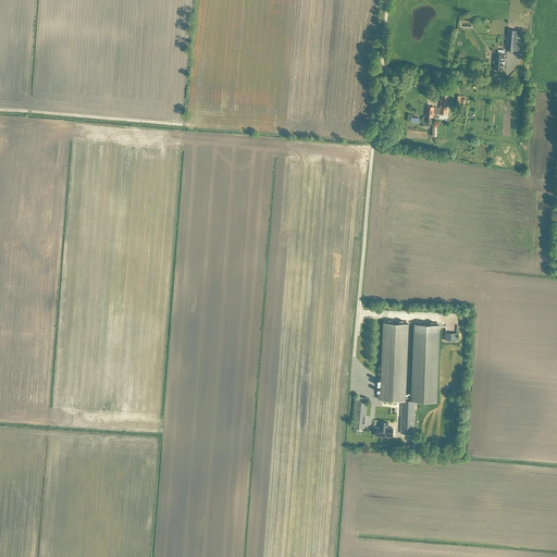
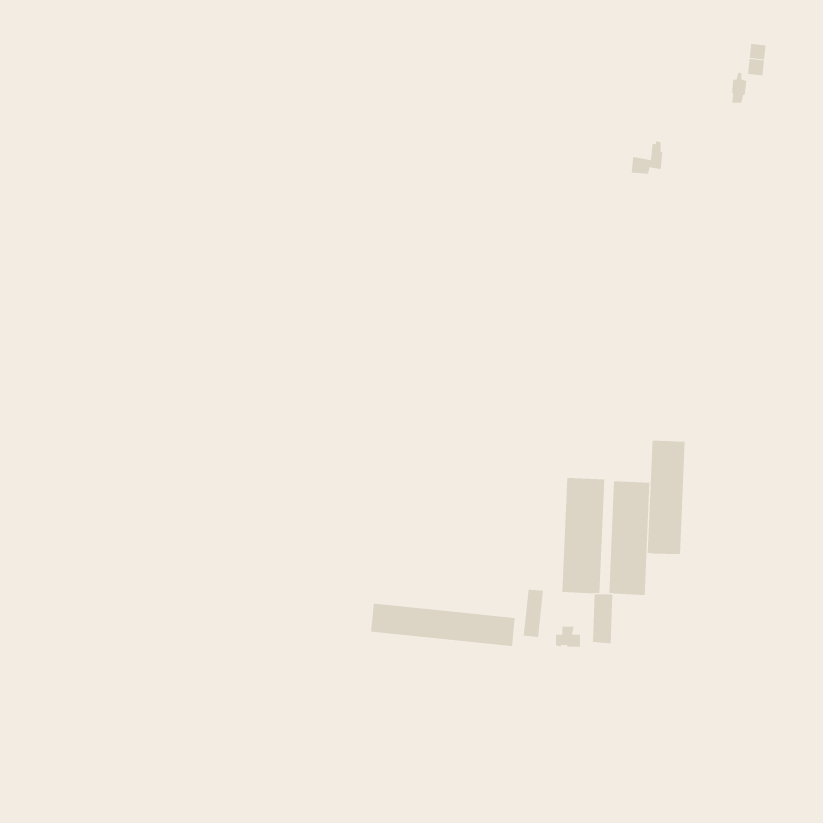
building: none -> [647,440,685,555]
building: none -> [370,603,516,647]

